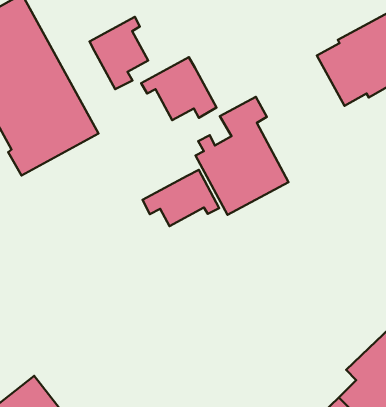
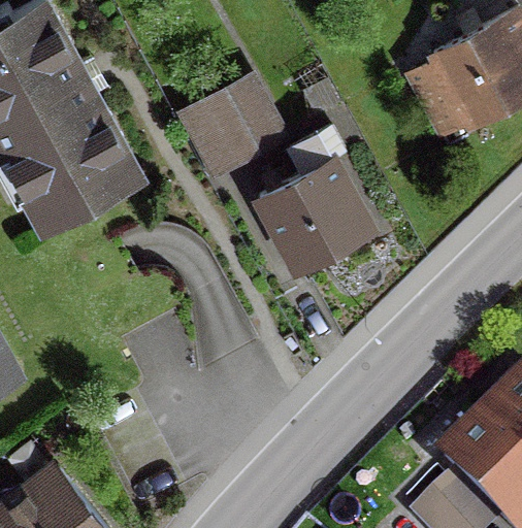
building: [90,17,148,89] -> none
building: [143,170,219,226] -> none

